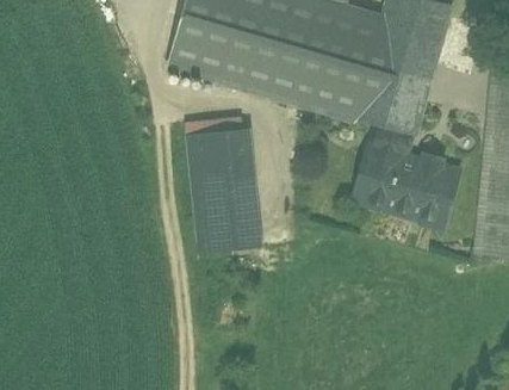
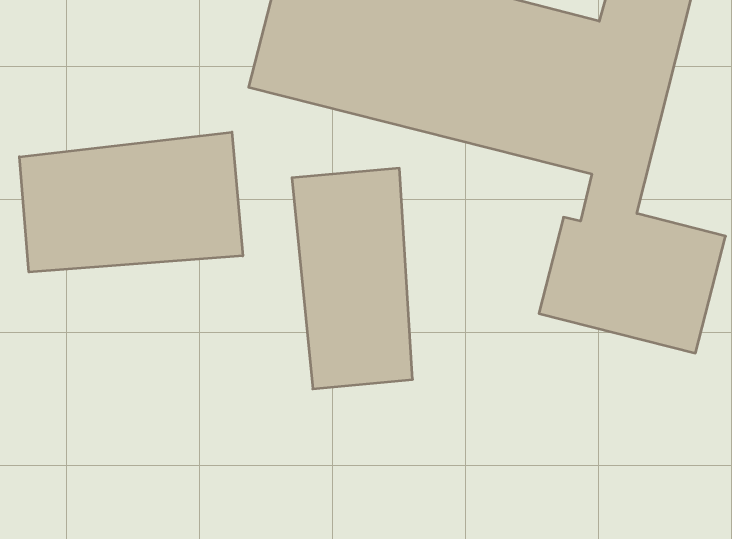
building: none -> [19,132,243,272]

